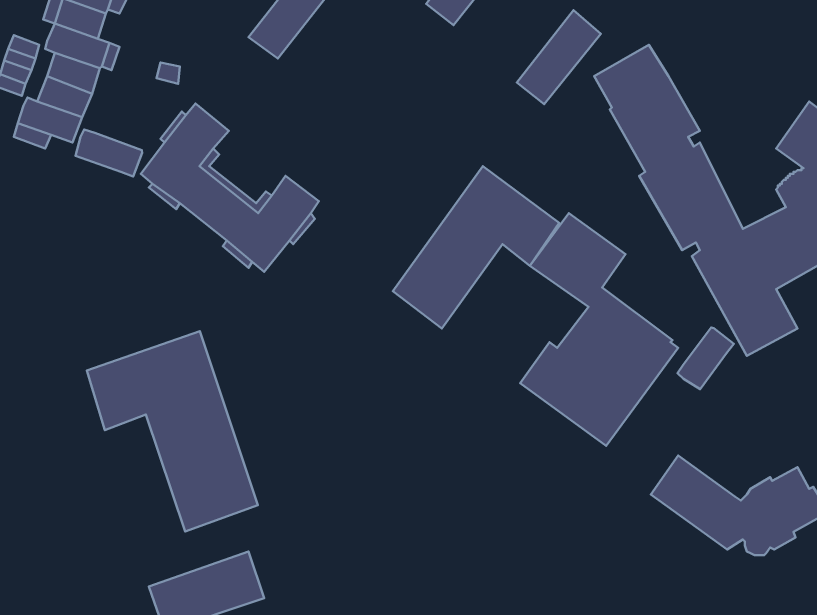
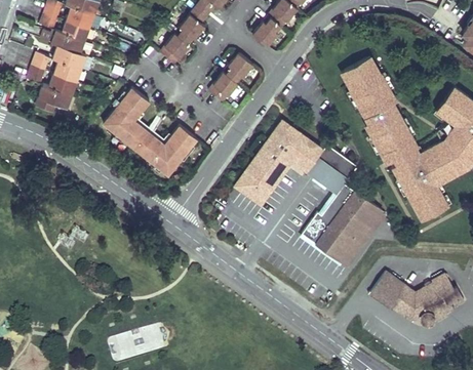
building: [517,10,601,104] -> [208,52,252,101]
building: [75,129,142,177] -> none
building: [677,328,734,389] -> none
building: [87,331,258,532] -> none

